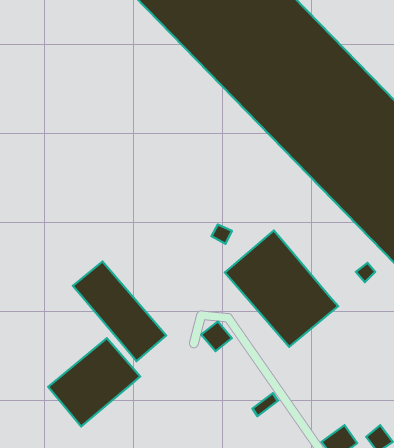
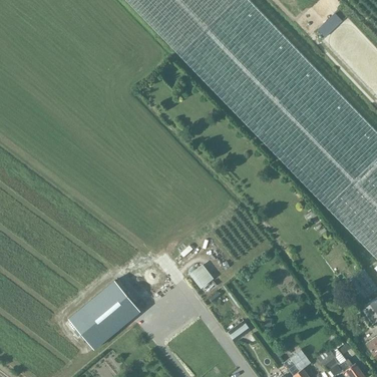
building: [225,230,338,347] -> none
building: [73,261,166,361] -> none

